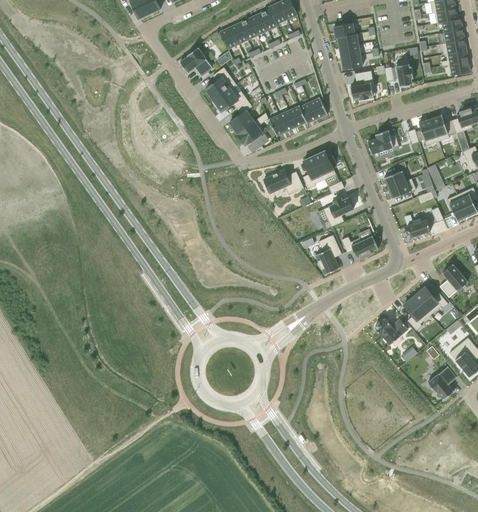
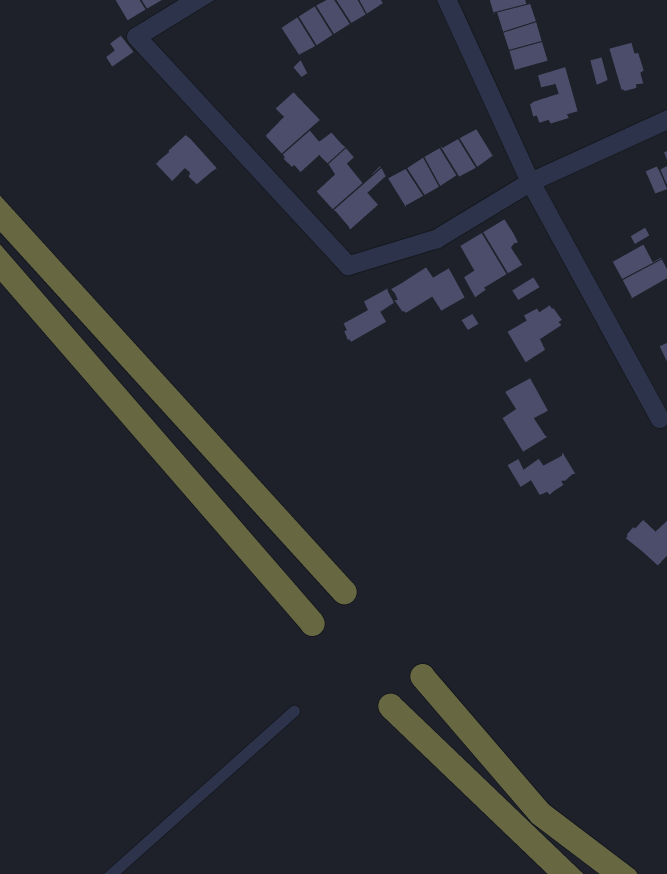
building: [179,47,213,76] -> [154,133,218,186]
building: [367,130,398,154] -> none
building: none -> [343,288,401,343]
building: [341,235,378,258] -> [507,451,576,497]

